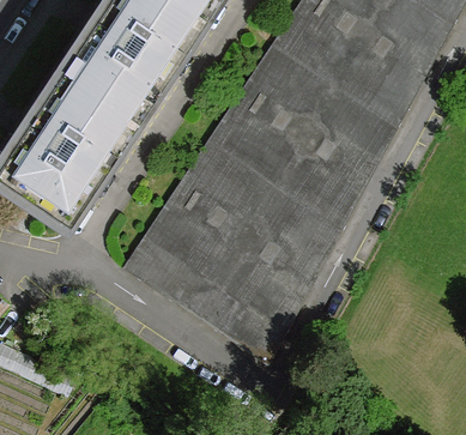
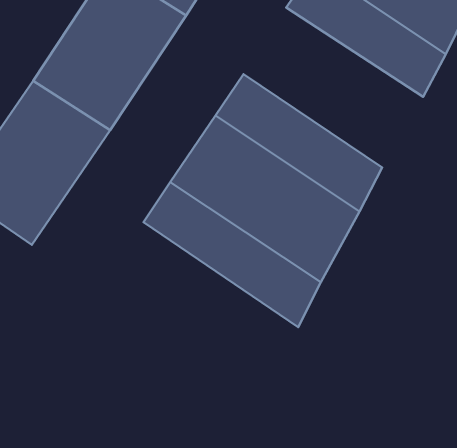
building: [254,11,416,155] -> none
building: [125,204,303,361] -> none

